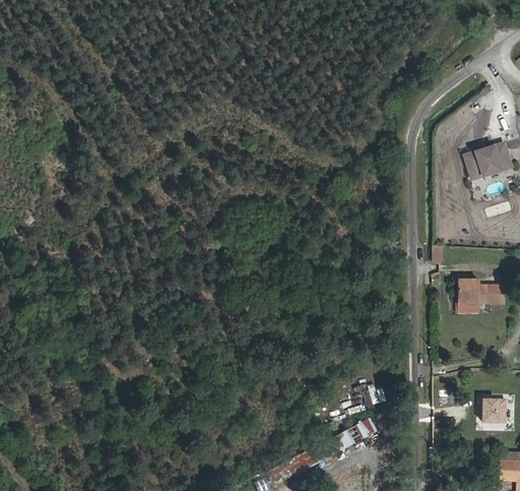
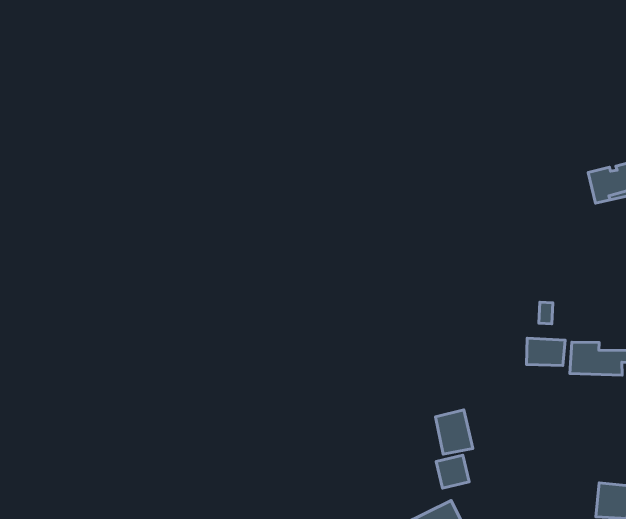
building: none -> [526,338,565,365]
building: none -> [436,410,473,454]

